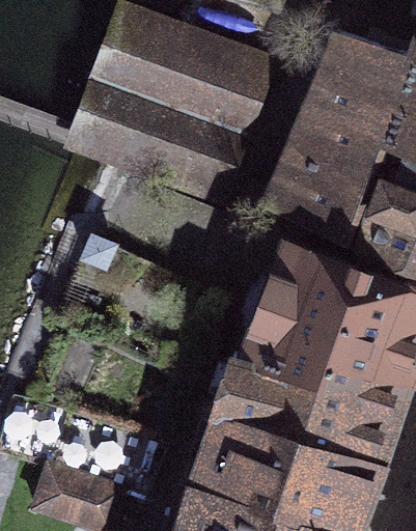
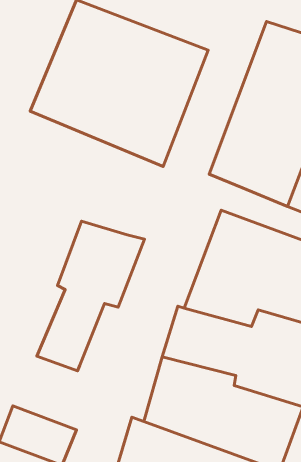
building: none -> [37,221,145,371]

